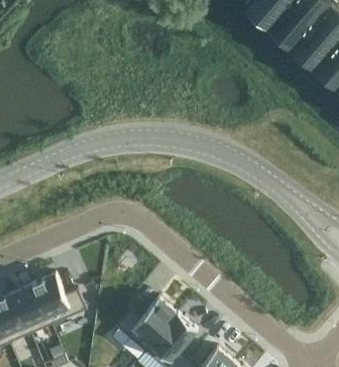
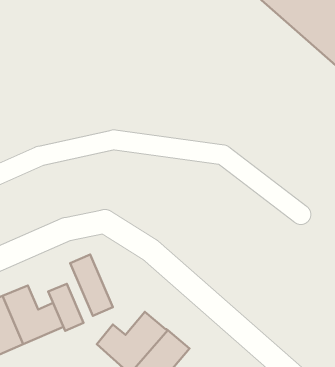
building: none -> [70,254,113,316]
building: none -> [48,284,84,331]

